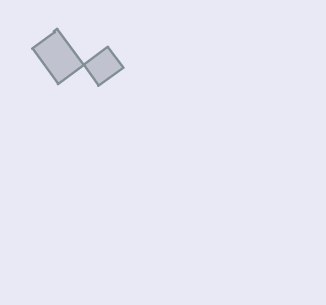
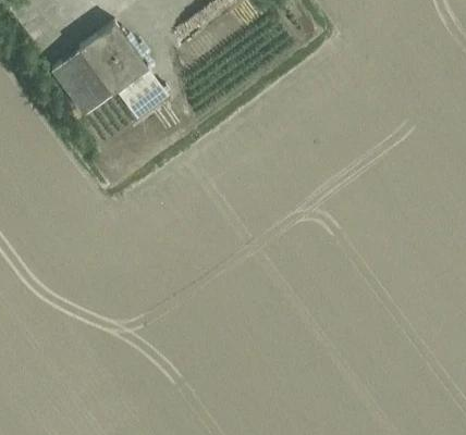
building: none -> [83,23,148,91]

